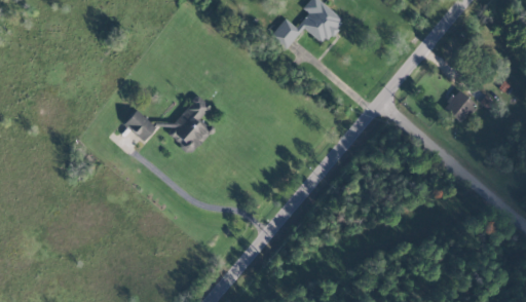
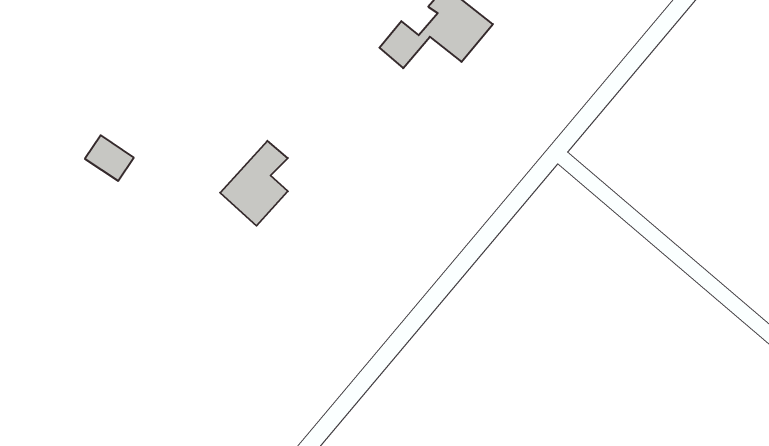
building: [444,89,475,122] -> none
building: [123,110,155,140] -> [85,135,134,181]

